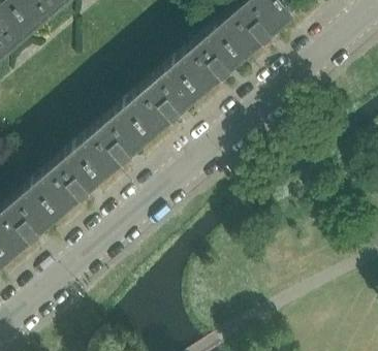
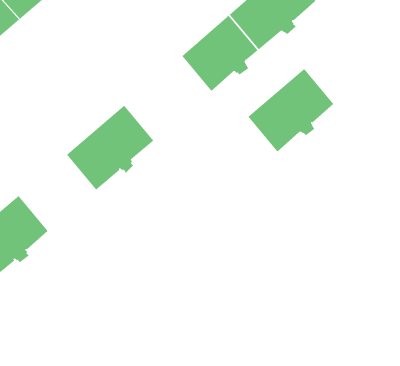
building: [125,63,200,136] -> [248,68,334,152]
building: [33,149,100,215] -> none

